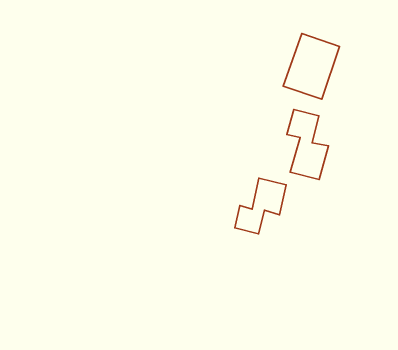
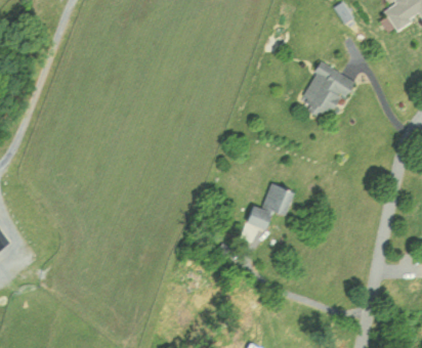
building: [287,110,329,179] -> none

